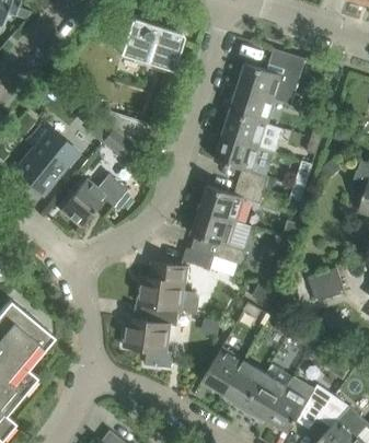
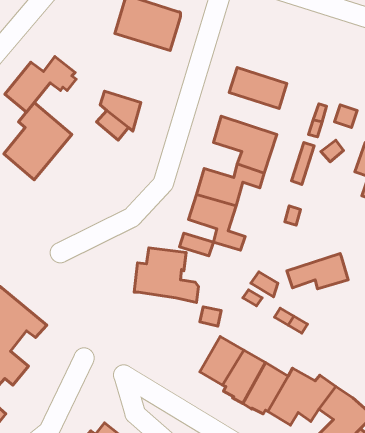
building: [238,49,305,105] -> none
building: [222,113,284,153] -> none
building: [59,174,128,228] -> [5,57,76,112]
building: [123,305,178,369] -> none

